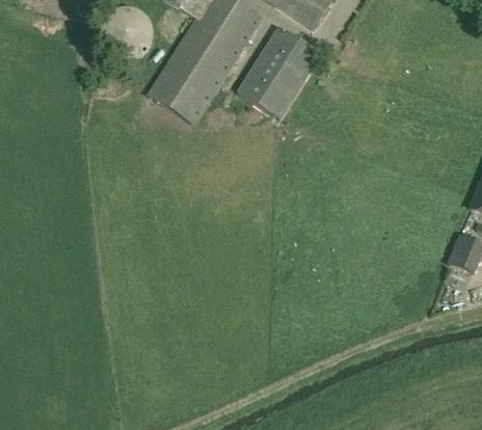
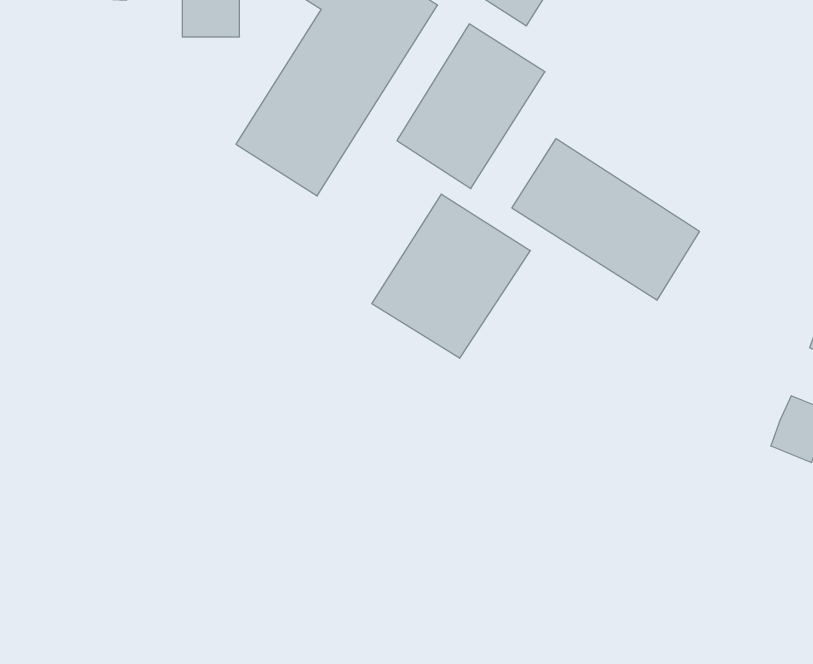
building: none -> [512,139,699,300]
building: none -> [372,194,530,358]

